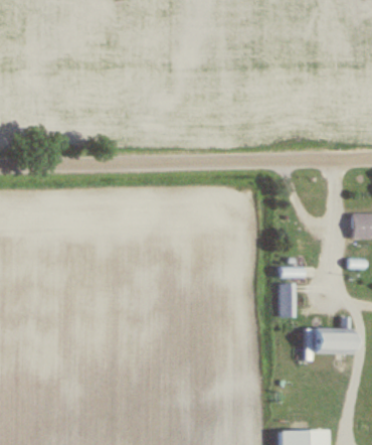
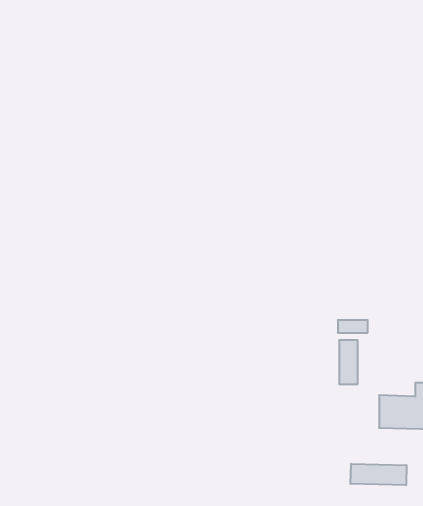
building: none -> [351,464,406,485]

